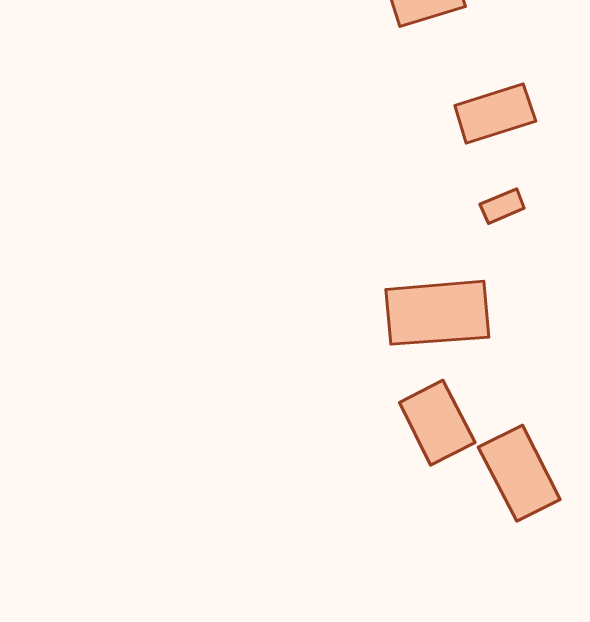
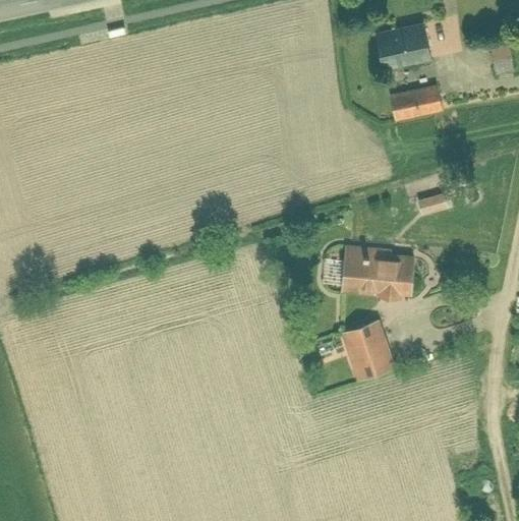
building: [455,84,536,143] -> [388,83,443,119]
building: [478,425,560,521] -> none

